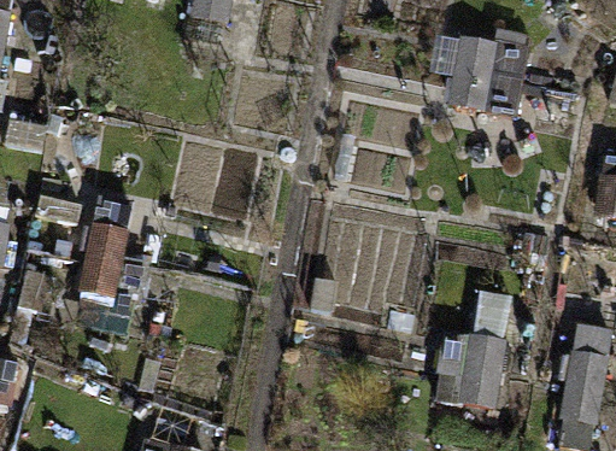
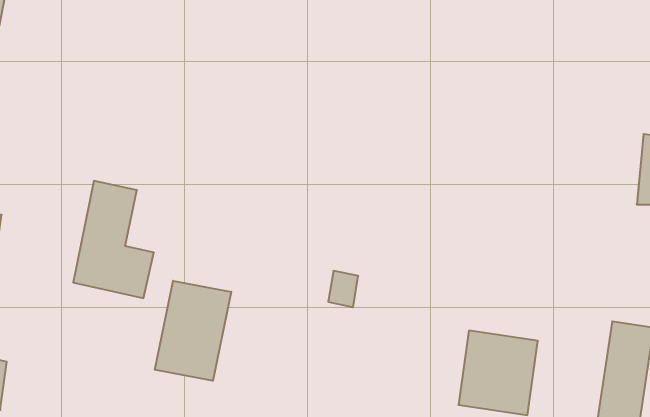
building: [447,30,529,116] -> none
building: none -> [155,281,231,381]

